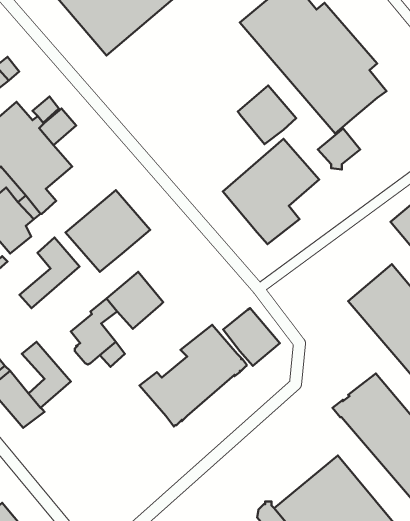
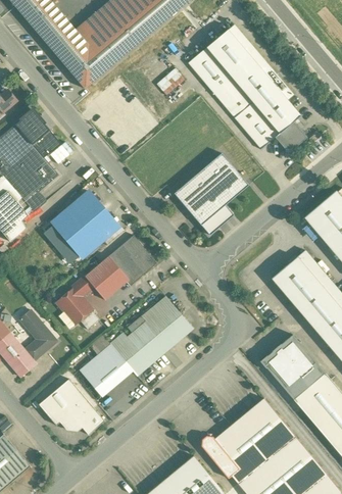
building: [238,85,296,144] -> none
building: [318,128,360,169] -> [275,121,307,153]
building: [19,237,80,308] -> none
building: none -> [109,235,157,286]
building: [223,308,280,366] -> none
building: none -> [80,344,131,394]
building: none -> [39,377,107,434]

